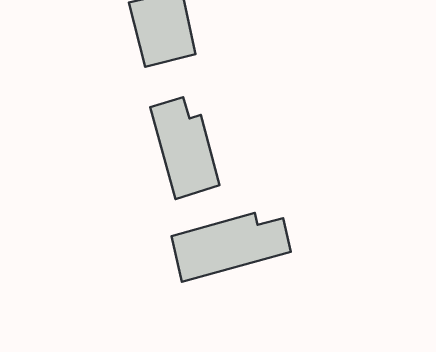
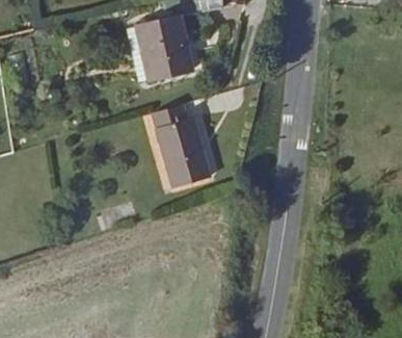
building: [171,213,291,282] -> none

